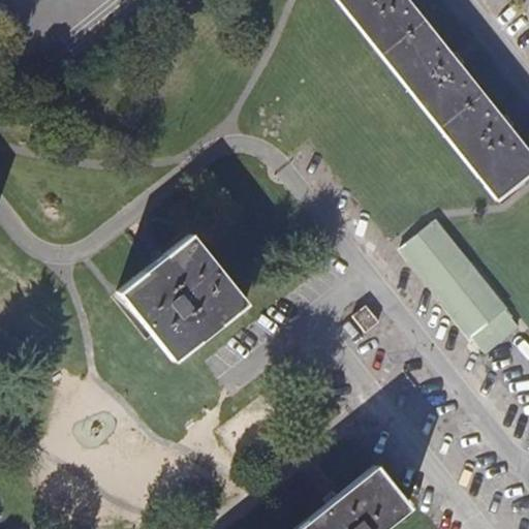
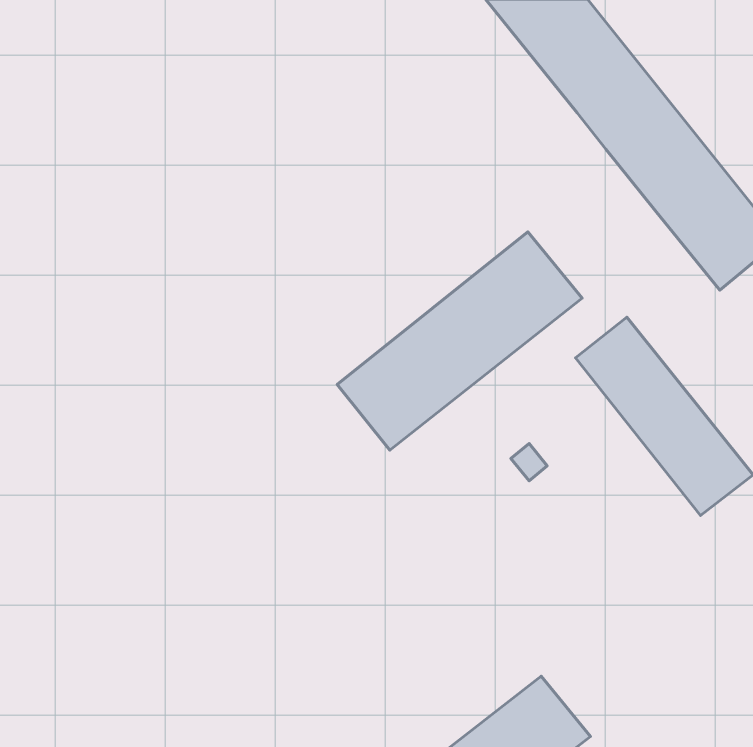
building: none -> [337,232,582,450]
building: [121,234,249,362] -> none

